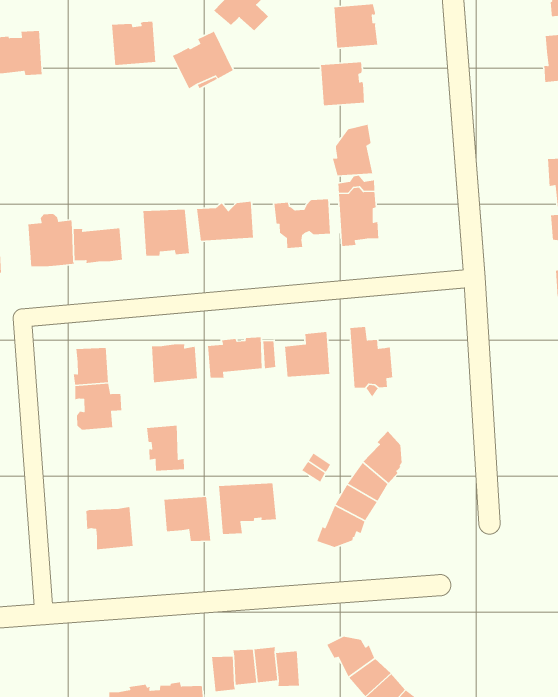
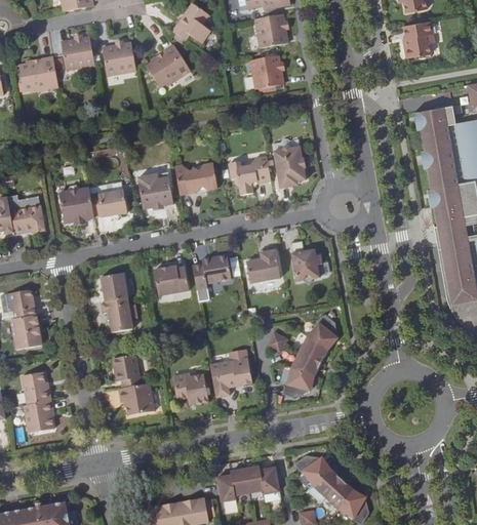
building: none -> [61,38,95,72]
building: [332,124,373,176] -> none
building: [146,425,185,471] -> [112,353,142,387]

